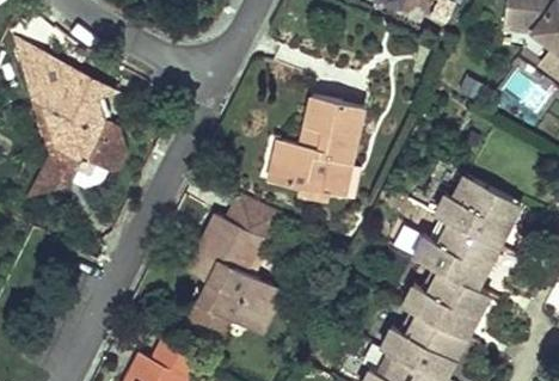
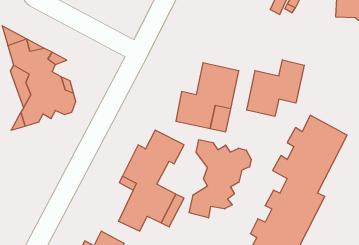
building: none -> [247,60,304,116]
building: none -> [189,140,251,218]

